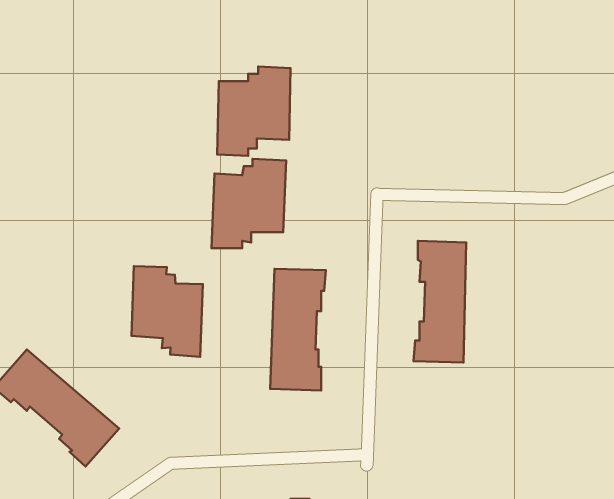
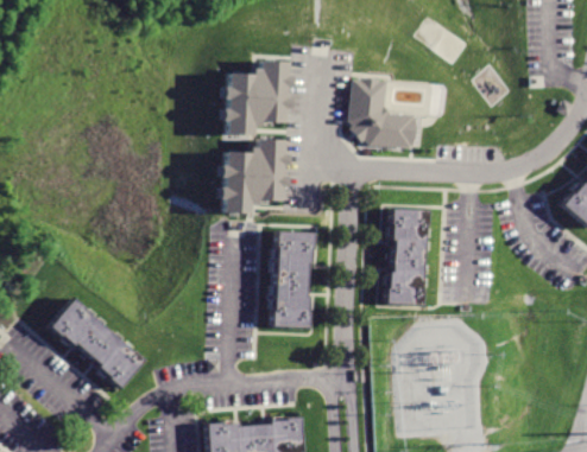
building: none -> [345,78,411,148]
building: [131,266,203,357] -> none

